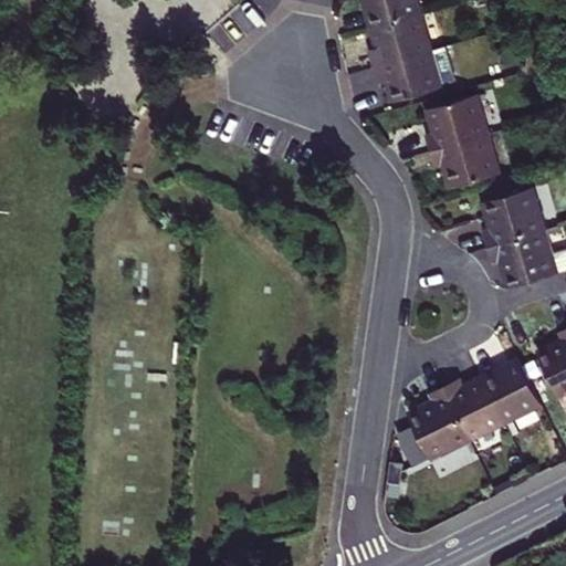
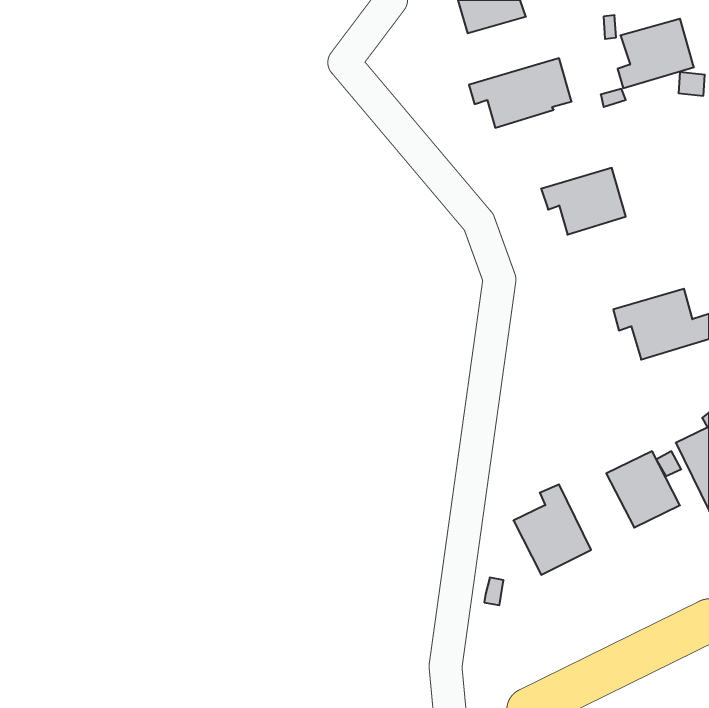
building: [369,14,430,69] -> none
building: [427,96,488,151] -> [618,19,694,88]
building: [484,189,545,248] -> none
building: [446,378,505,439] -> none

